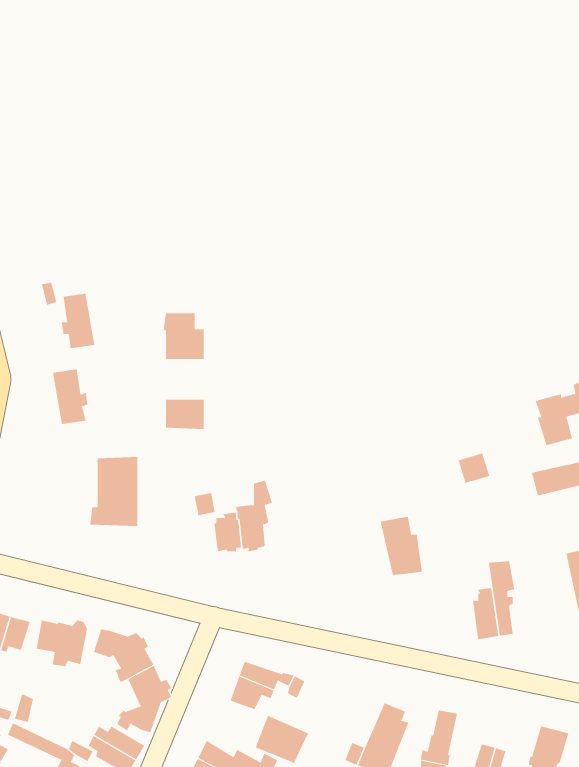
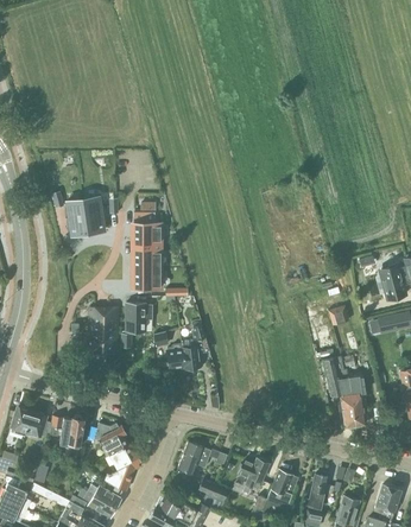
building: none -> [135,242,162,268]
building: [52,369,88,425] -> [83,196,107,233]
building: none -> [126,301,153,330]
building: [380,516,423,576] -> [323,356,352,395]
building: none -> [238,457,270,493]

